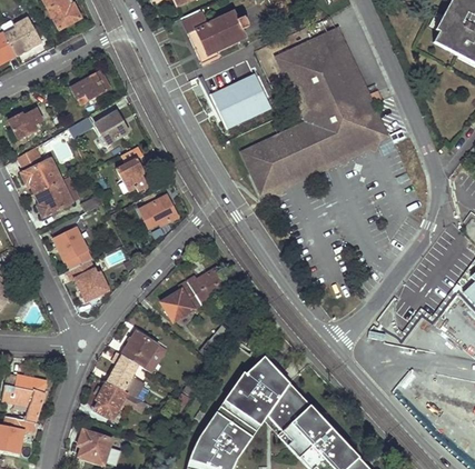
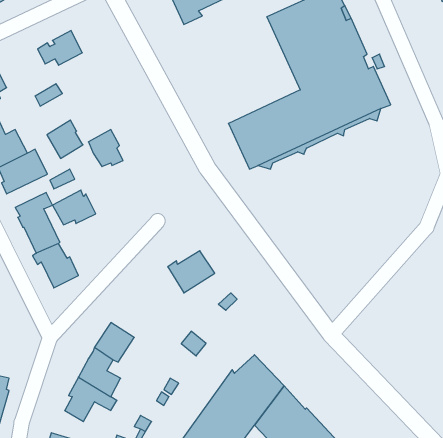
building: [211,73,270,128] -> none
building: [95,109,127,143] -> [47,120,83,158]
building: [138,194,177,226] -> [52,190,96,225]
building: [160,280,201,321] -> none

